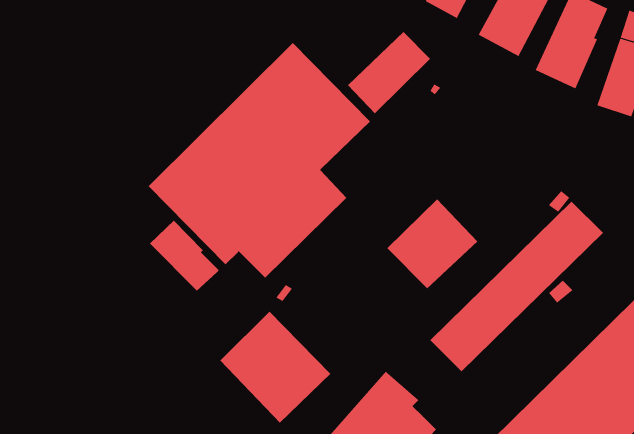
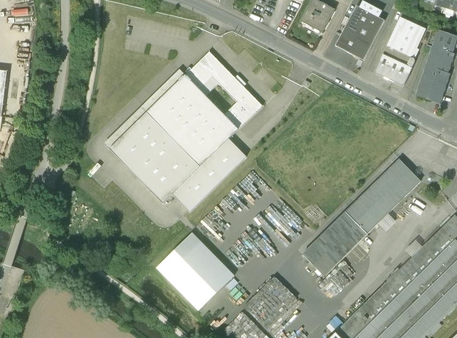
building: [347,31,431,114] -> none
building: [386,198,478,289] -> none
building: [149,220,219,291] -> none

